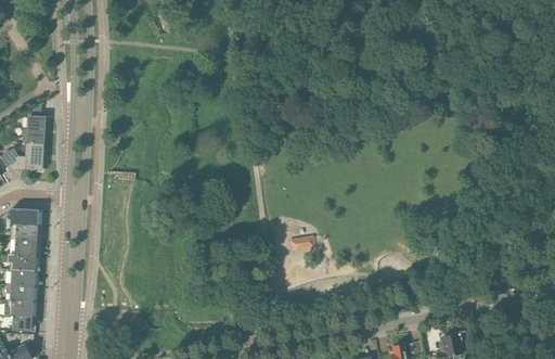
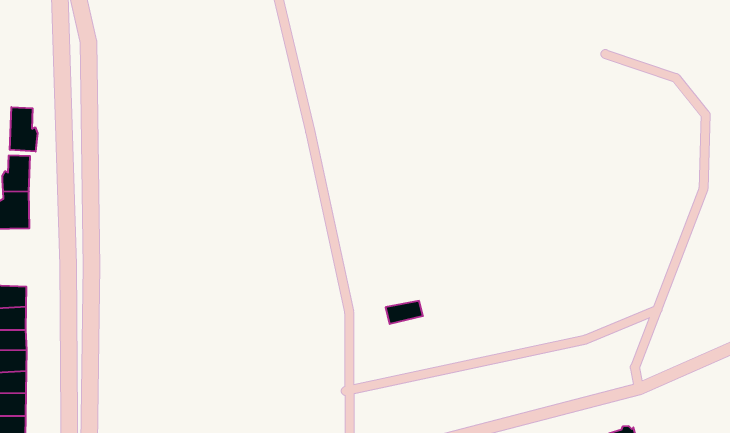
building: none -> [10,107,38,152]

